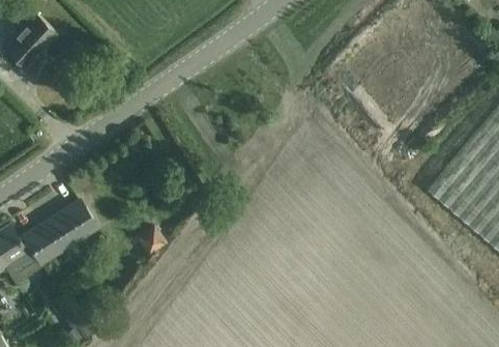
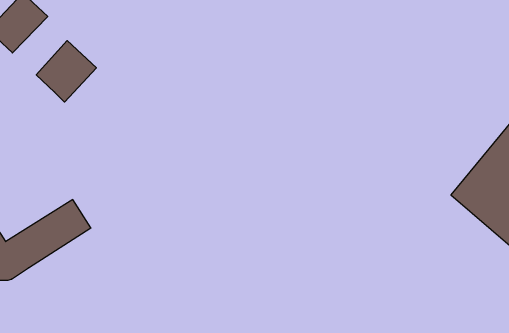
building: none -> [36,41,96,102]

